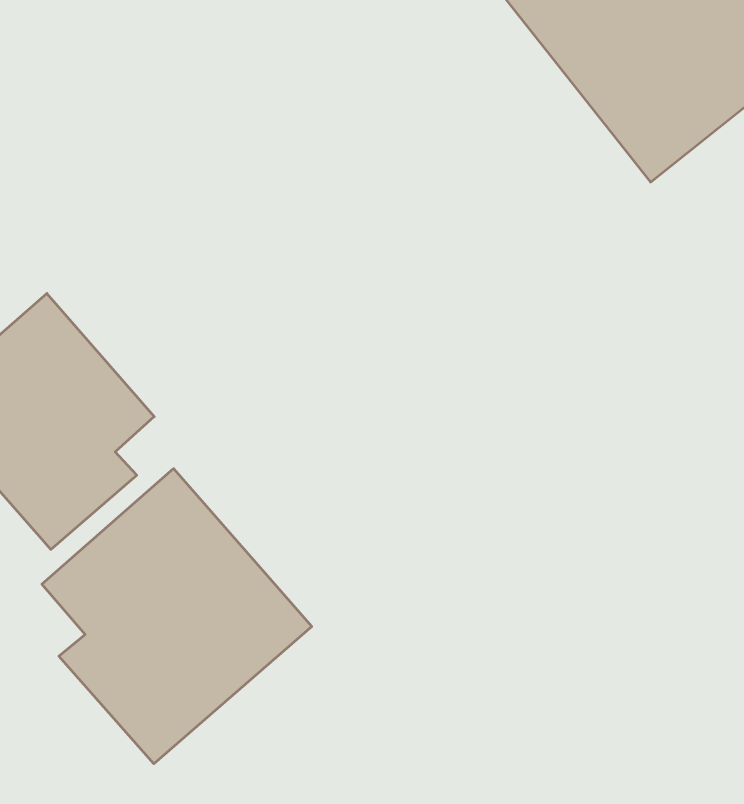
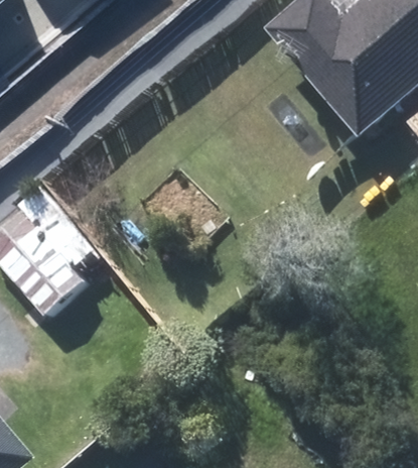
building: [42,469,312,764] -> none

